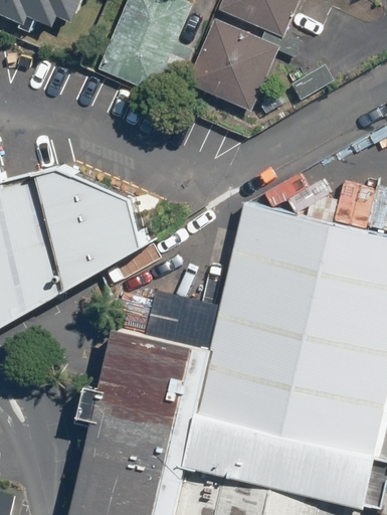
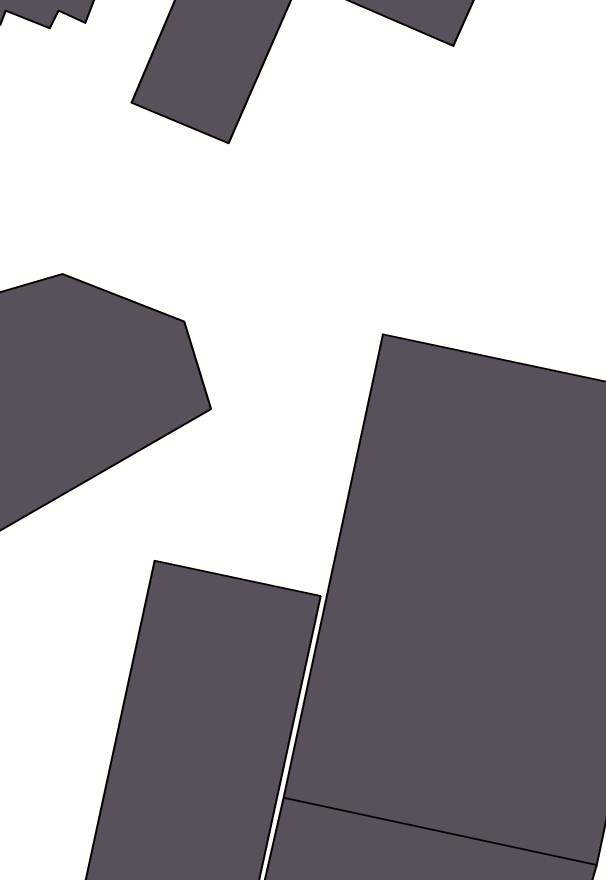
building: [185,18,279,113] -> none

